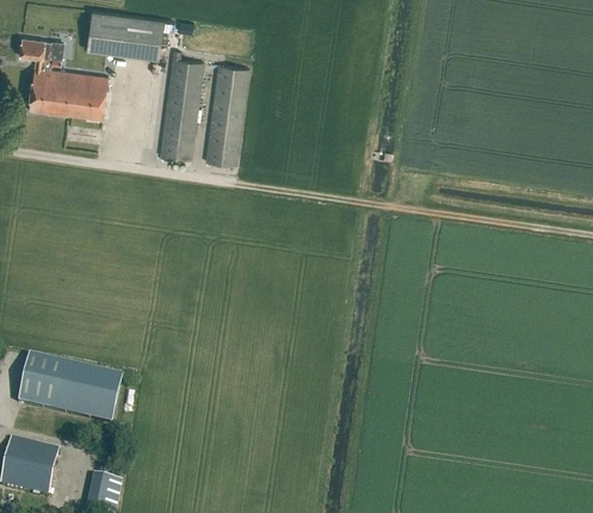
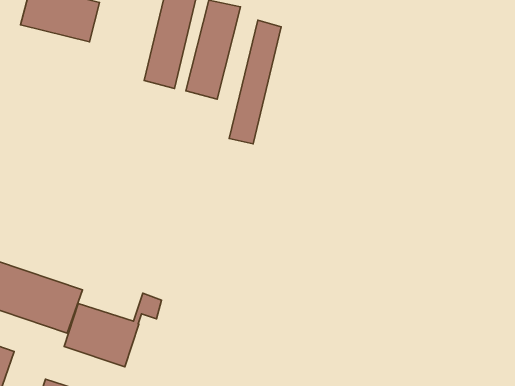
building: none -> [229,20,281,144]
building: none -> [64,293,162,367]

